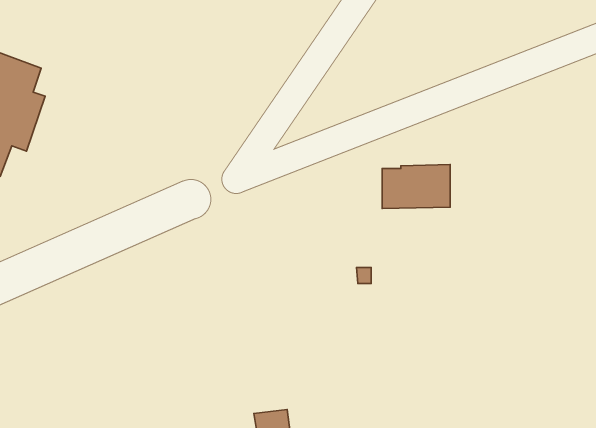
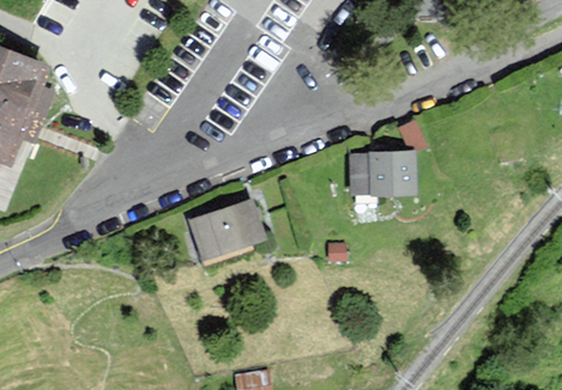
building: none -> [193,200,262,256]

